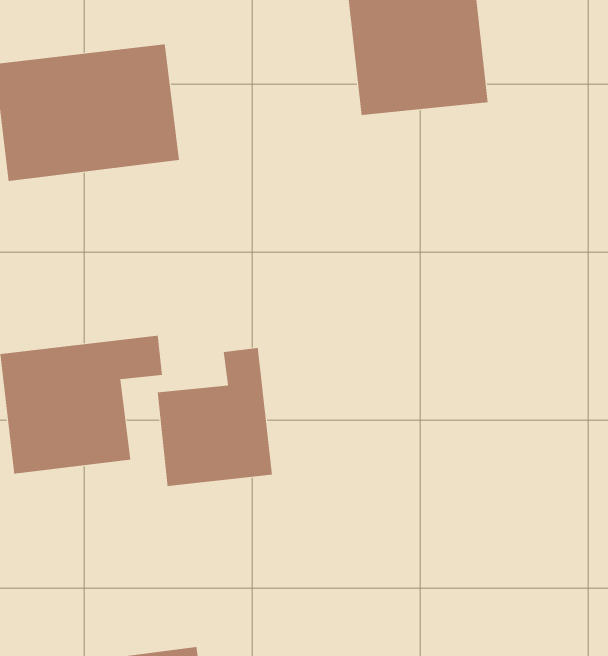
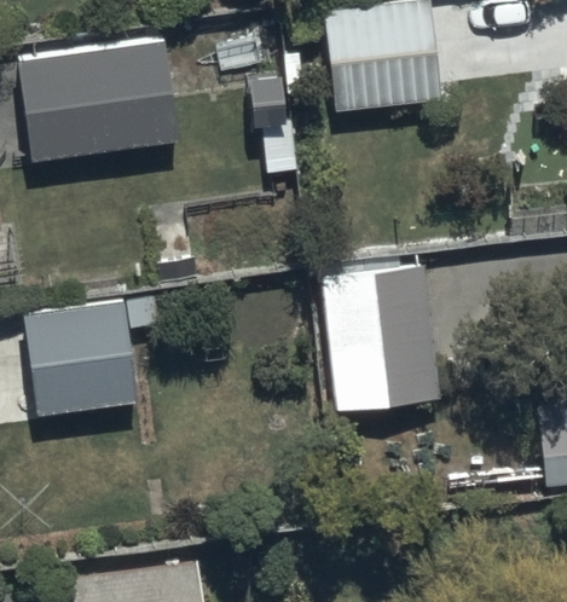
building: none -> [320,261,440,406]
building: [157,347,272,487] -> none

